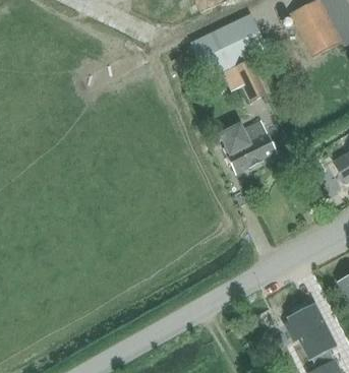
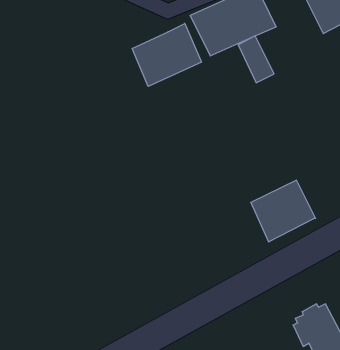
building: none -> [132,23,202,86]
building: [220,118,279,174] -> [251,180,316,242]

